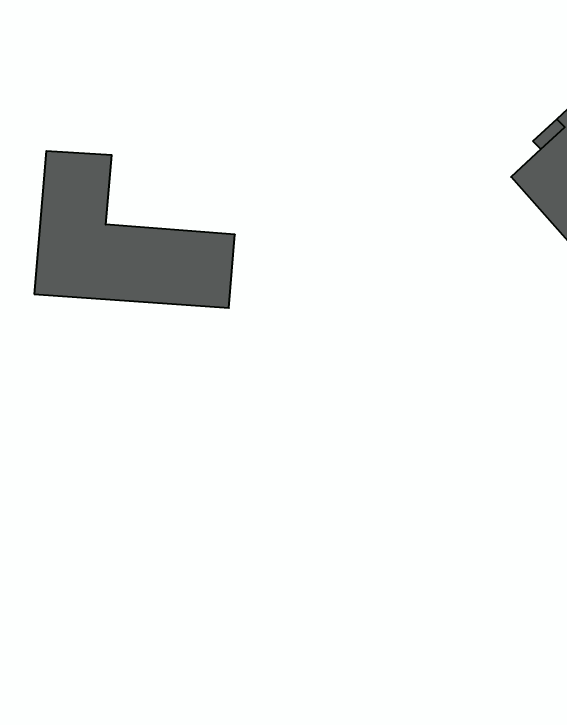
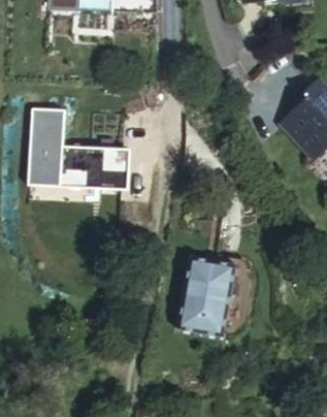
building: none -> [177,257,235,336]

